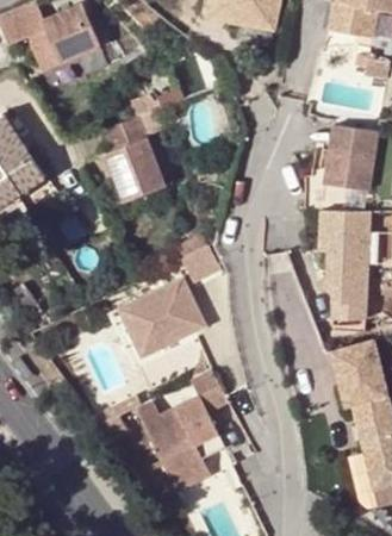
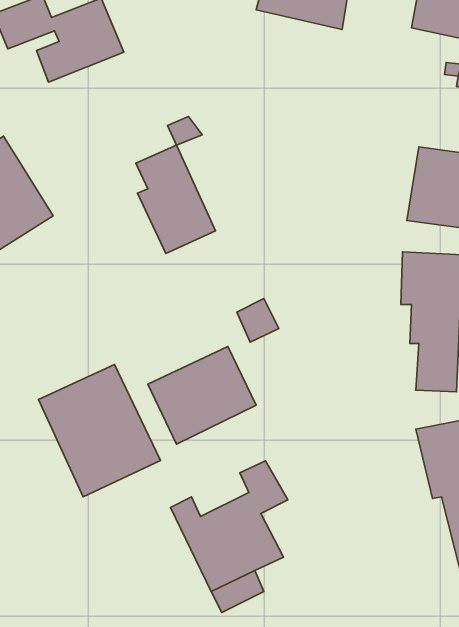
building: none -> [39,364,160,497]

